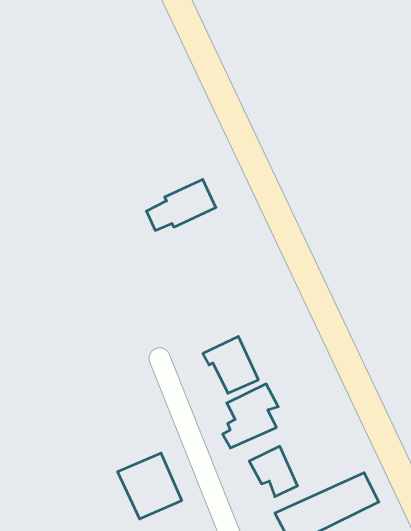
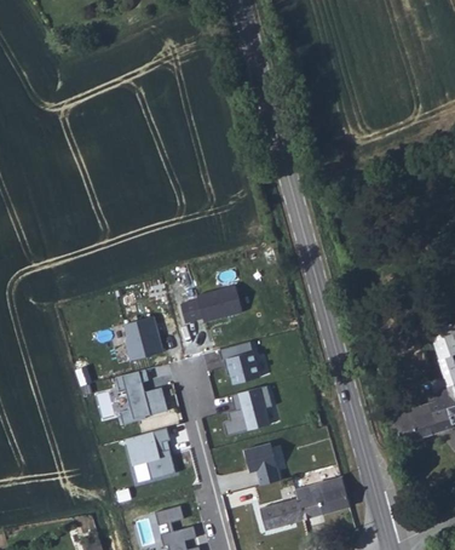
building: [146,179,216,230] -> [178,286,240,323]
building: none -> [119,315,161,362]
building: none -> [115,371,169,426]

